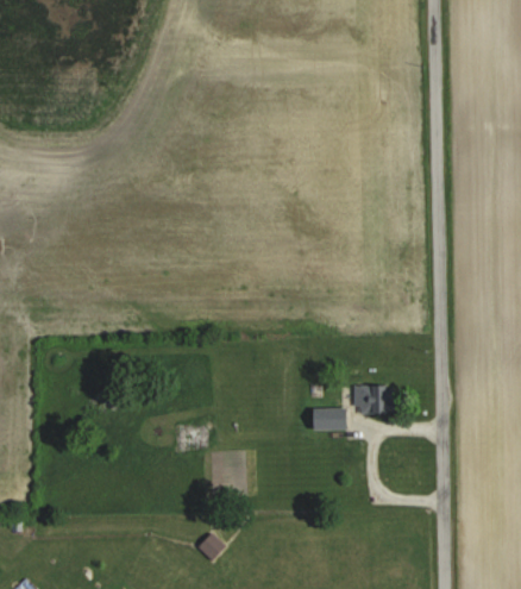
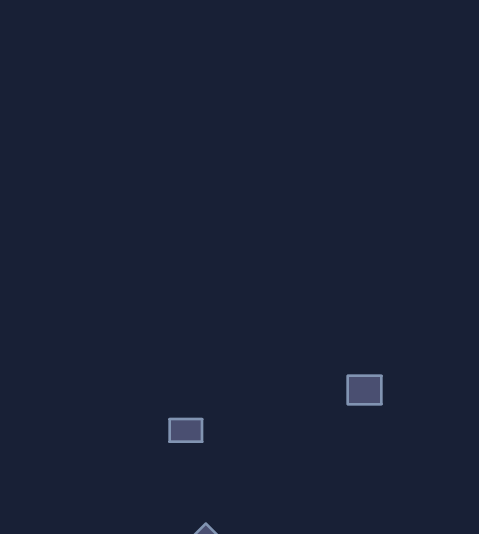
building: [313,408,347,430] -> none

